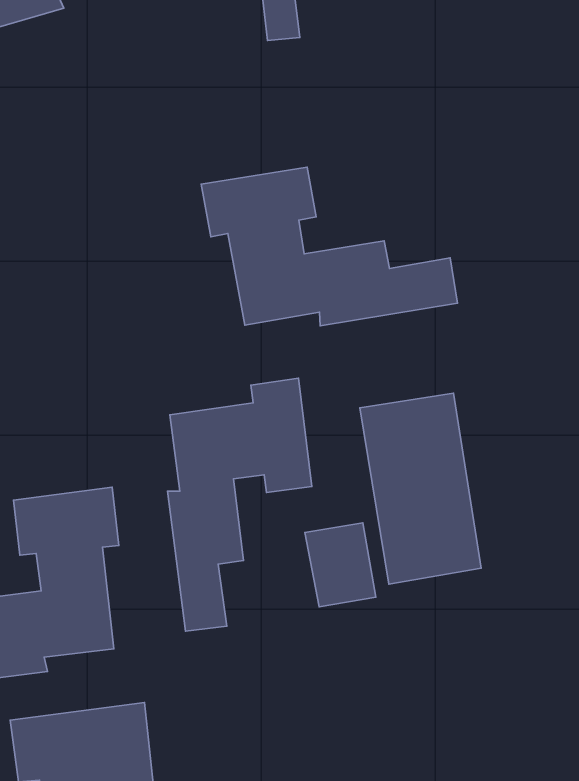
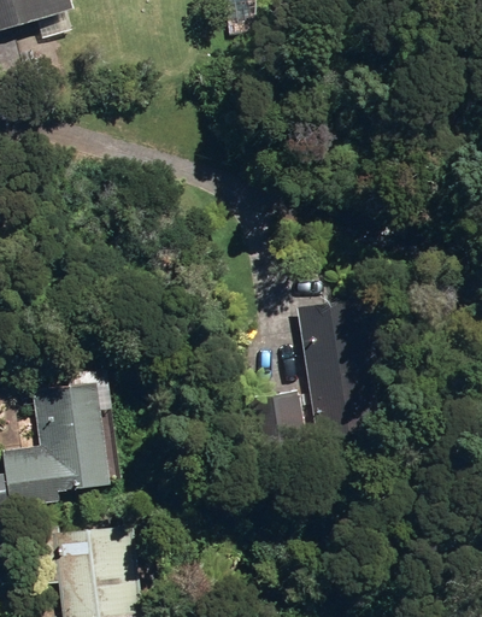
building: [201,167,458,326] -> none
building: [168,378,312,631] -> none

